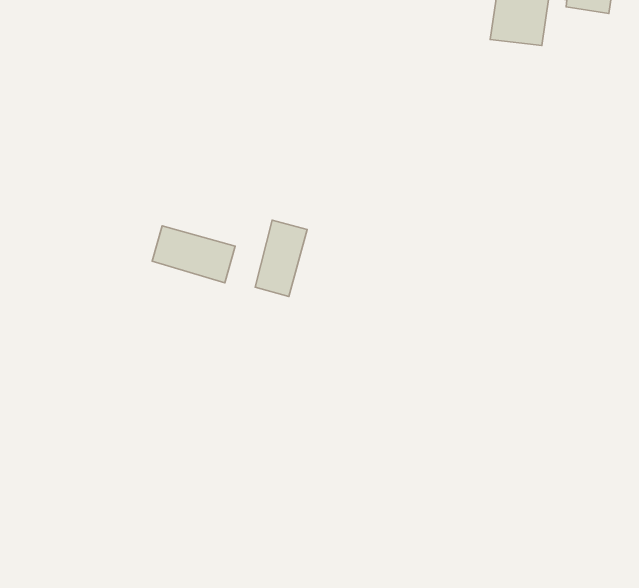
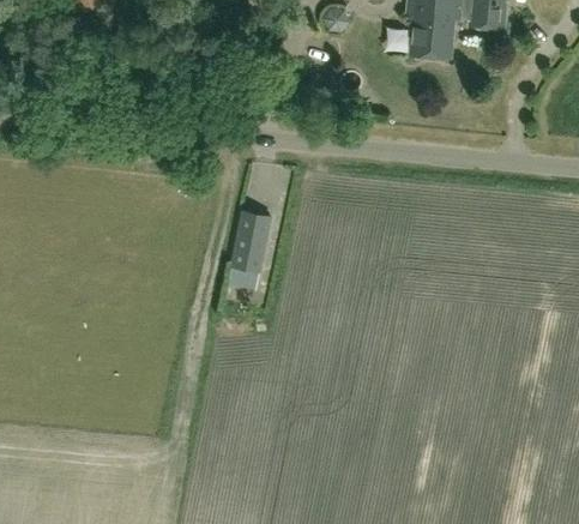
building: [152,226,235,283] -> none

